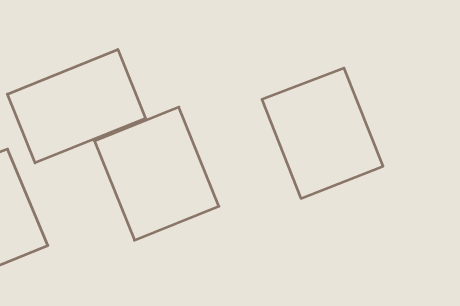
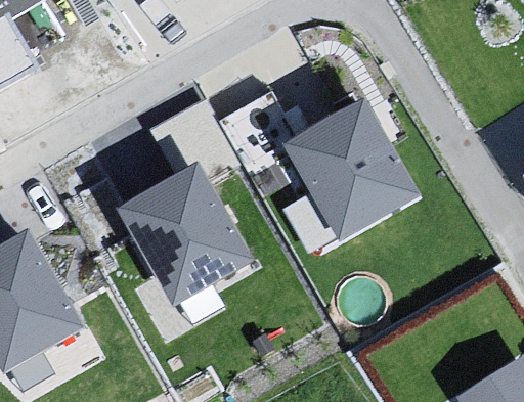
building: [7,49,146,163] -> none

